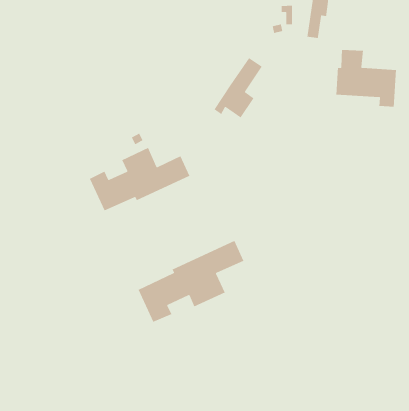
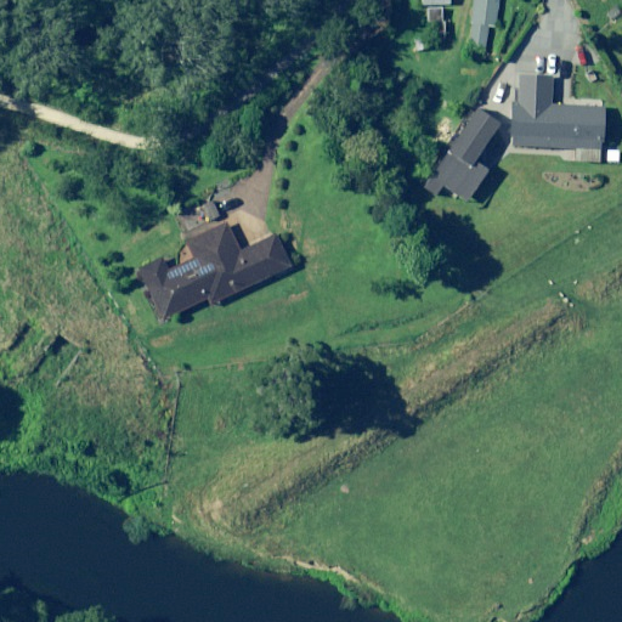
building: [213,57,263,118] -> [424,108,498,200]
building: [138,240,245,323] -> none

